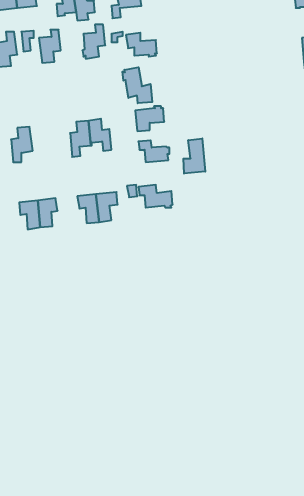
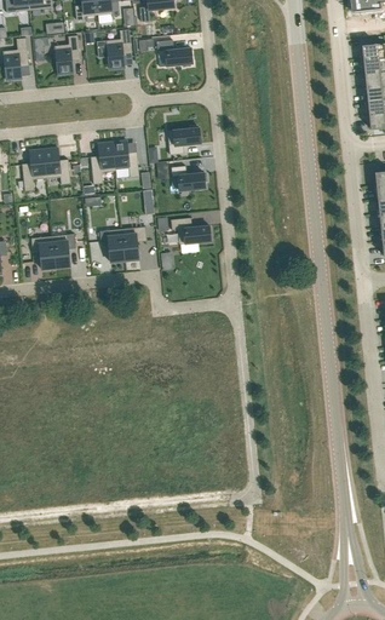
building: [122,67,152,103] -> none
building: none -> [44,147,70,184]
building: [183,138,205,174] -> none

